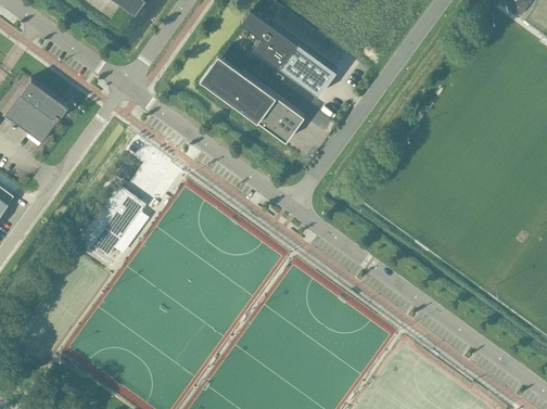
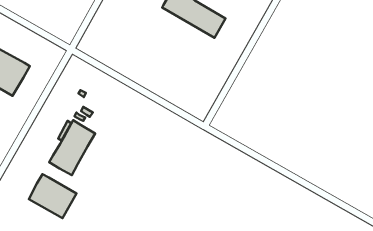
building: [199,54,304,143] -> none
building: none -> [29,174,77,218]

